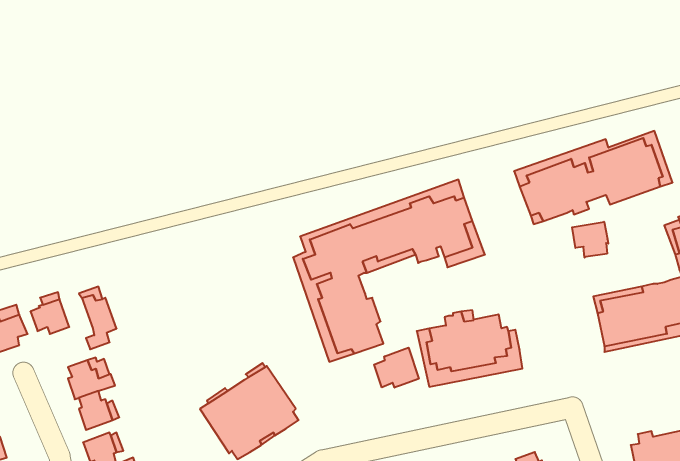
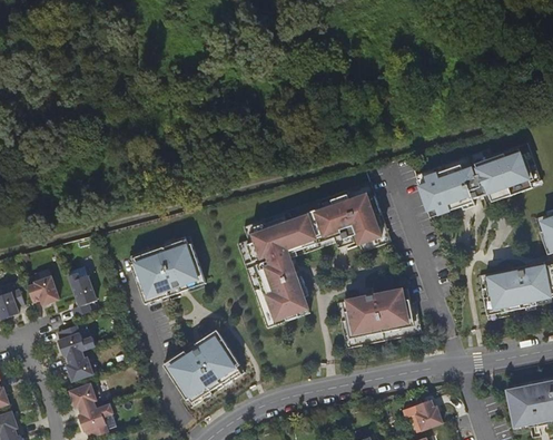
building: [572,222,608,258] -> none
building: none -> [131,237,206,304]
building: [374,348,419,388] -> none

